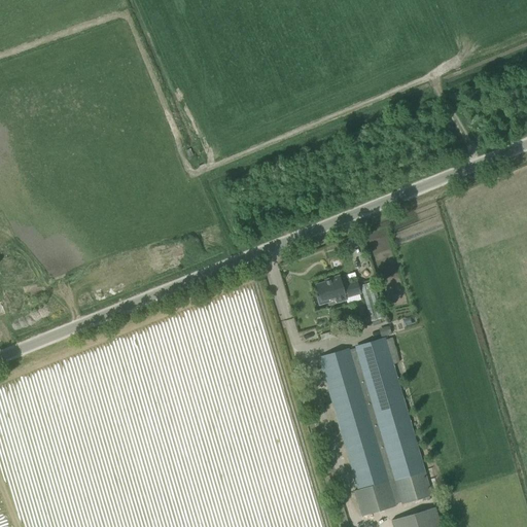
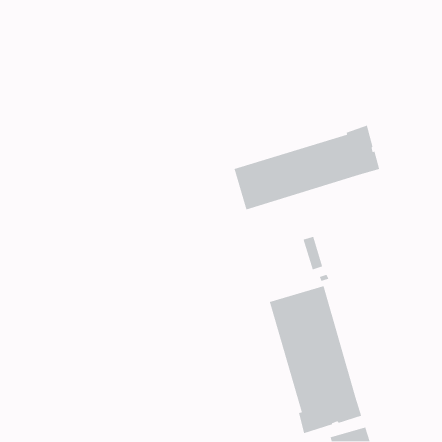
building: none -> [233,125,380,210]
building: [317,275,361,304] -> none

